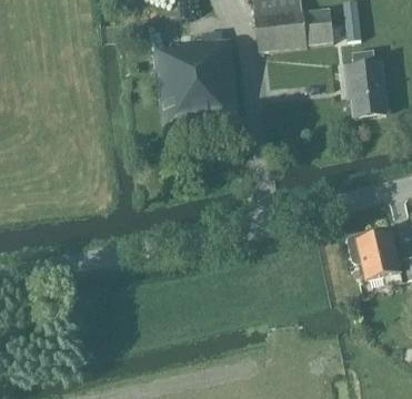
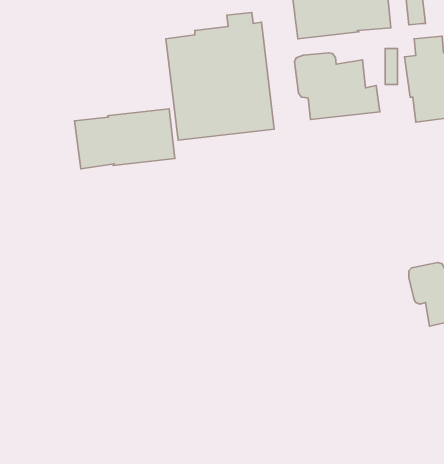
building: none -> [294,53,380,120]
building: none -> [74,109,175,169]

